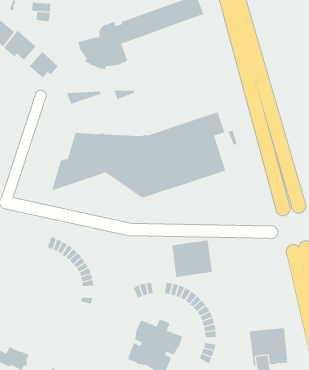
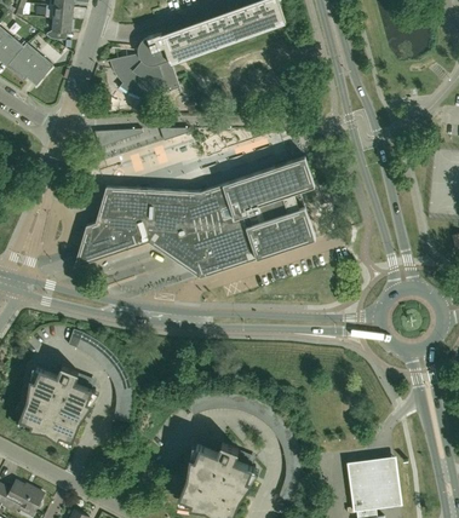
building: [29,51,58,78] -> none
building: [172,240,213,278] -> none
building: none -> [18,366,94,443]

